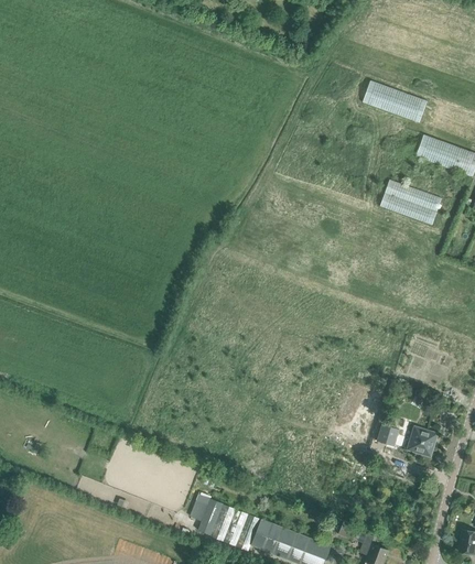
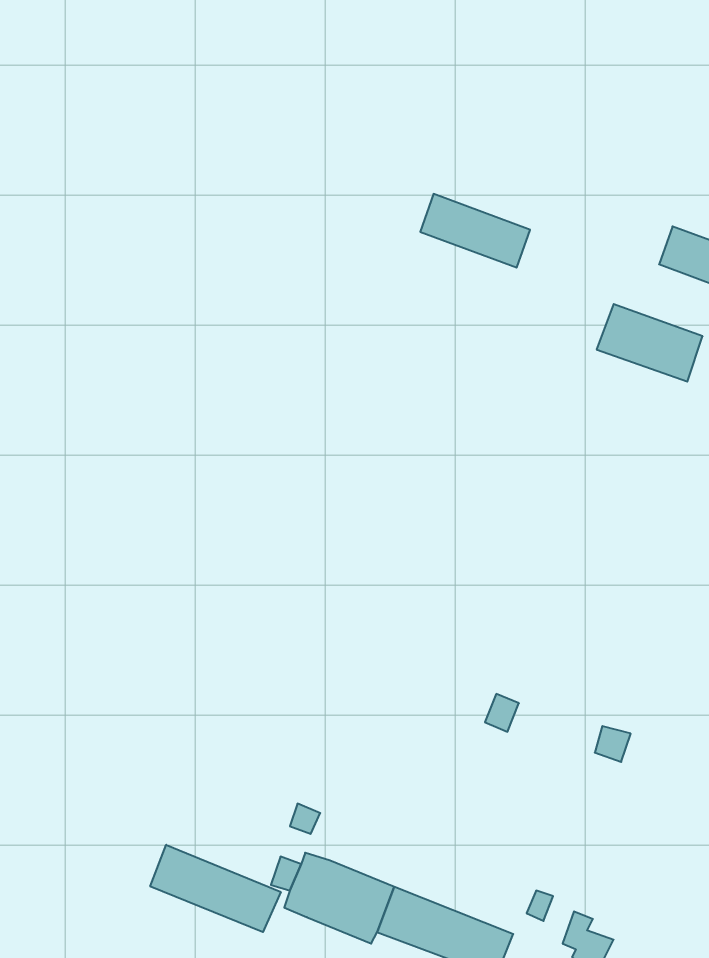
building: [363,80,427,123] -> [420,194,530,268]
building: [408,426,438,457] -> none
building: none -> [150,845,281,932]

